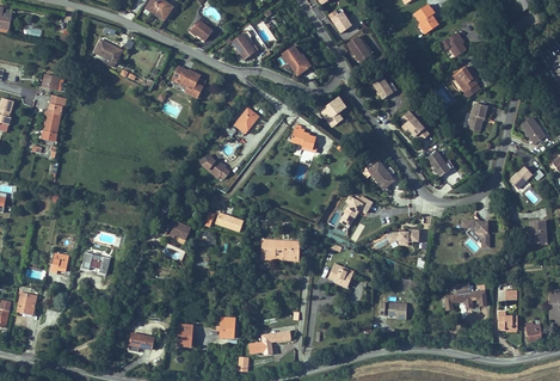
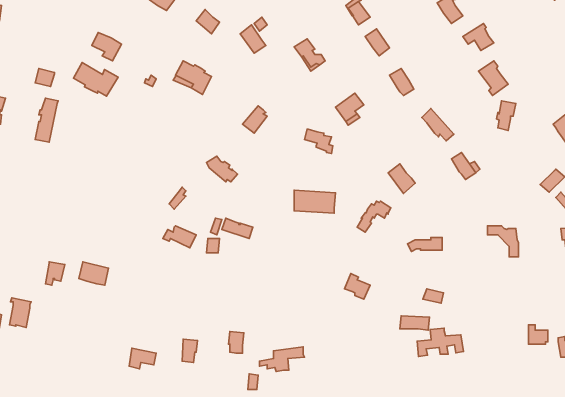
building: none -> [73,62,118,96]
building: [261,239,300,260] -> [294,190,335,213]
building: [444,283,487,309] -> [417,328,464,357]

